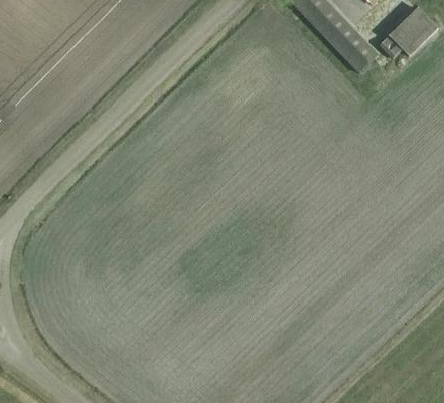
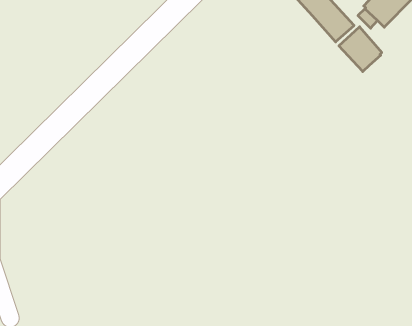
building: none -> [339,27,382,72]

